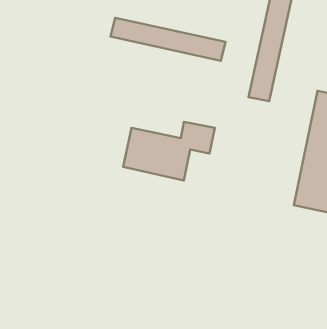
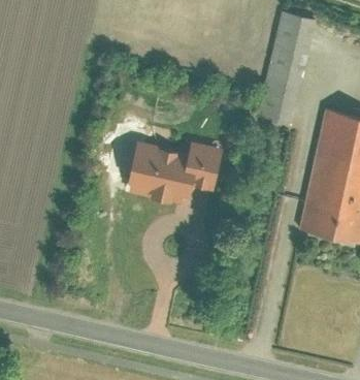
building: [111,18,225,61] -> none

